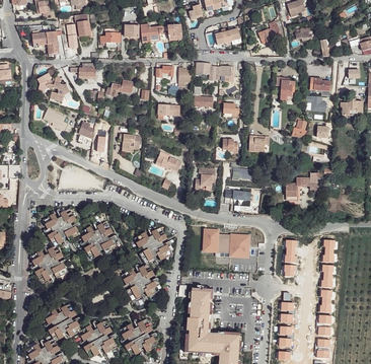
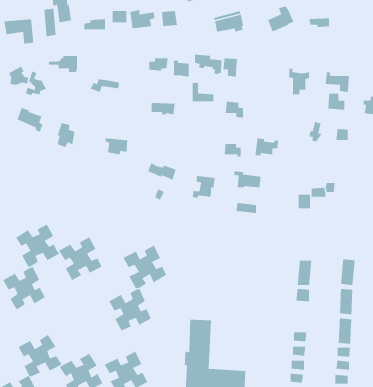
building: [202,227,219,252] -> none
building: [228,233,250,258] -> none

